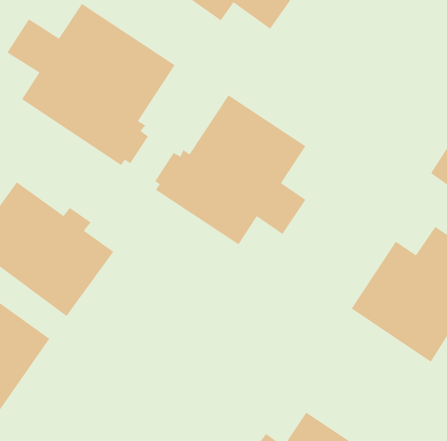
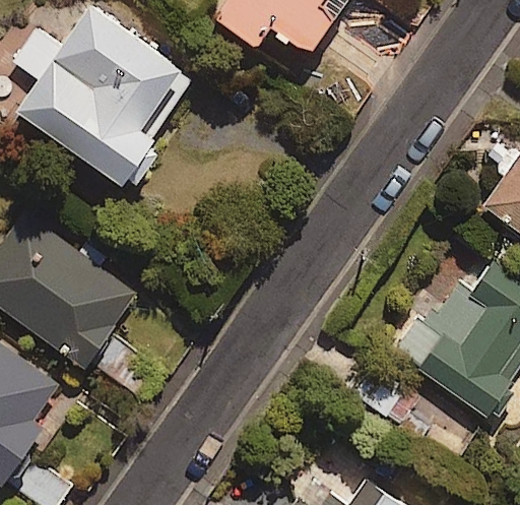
building: [154,95,306,245] -> none

